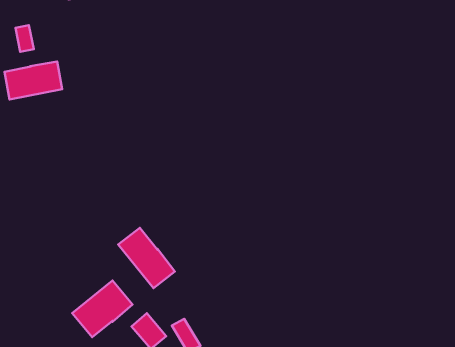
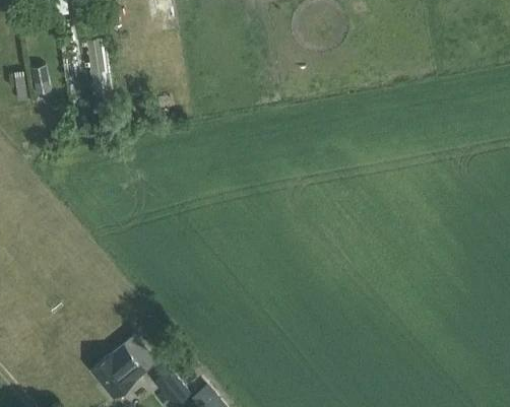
building: [5,61,62,100] -> none
building: [118,228,175,288] -> none

